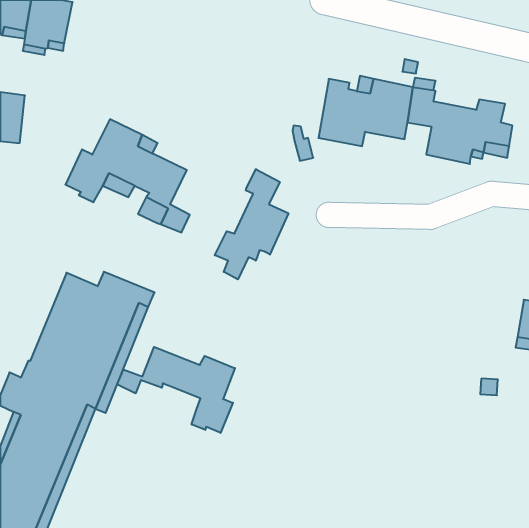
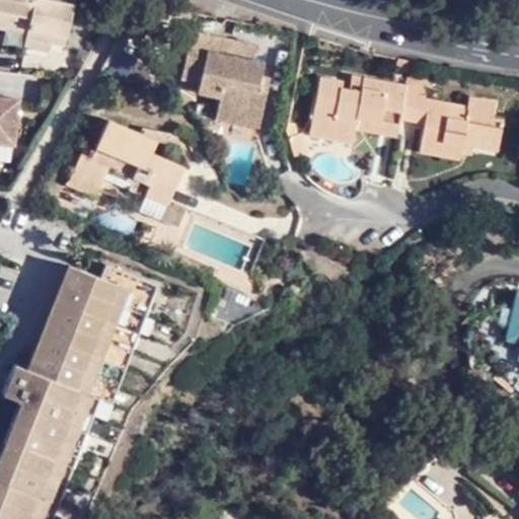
building: none -> [186,33,267,129]
building: [215,169,288,279] -> none
building: [117,347,235,433] -> none

